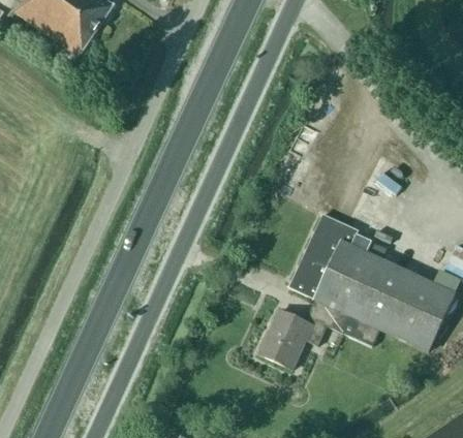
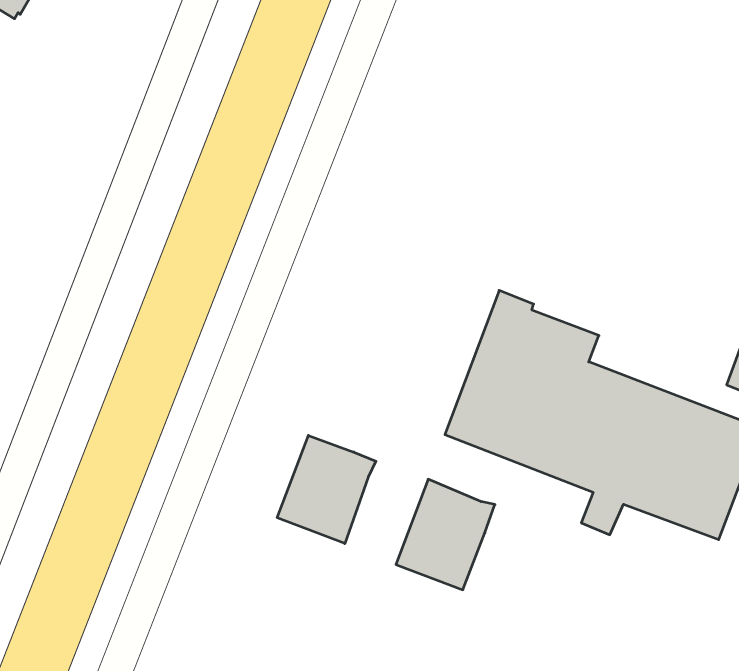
building: none -> [277,435,376,544]

